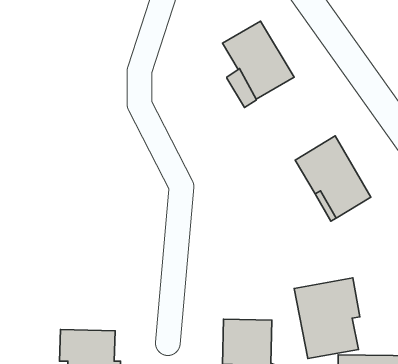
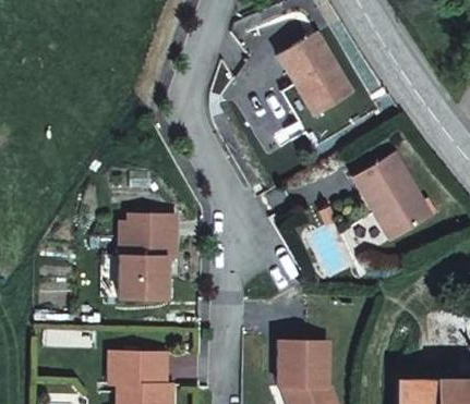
building: none -> [118,213,177,298]
building: [294,278,360,358] -> none

